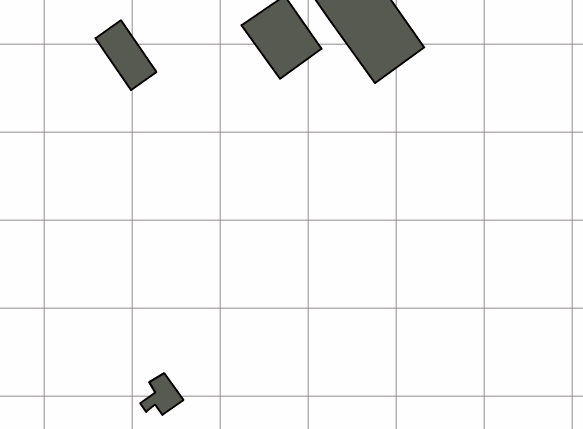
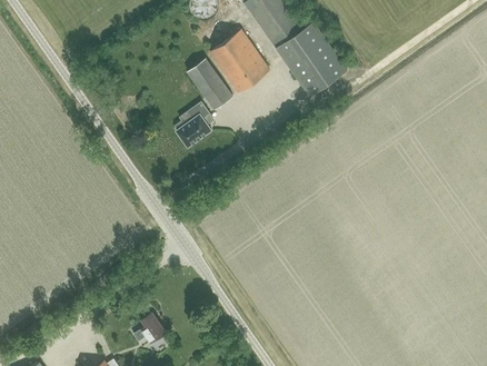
building: [95,20,156,90] -> [187,58,232,110]
building: none -> [176,102,211,148]

